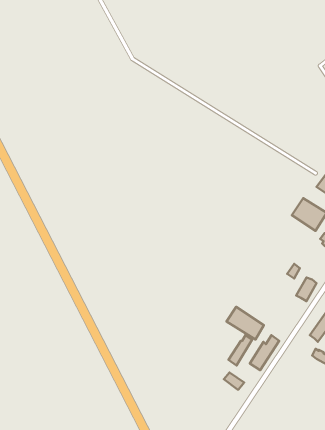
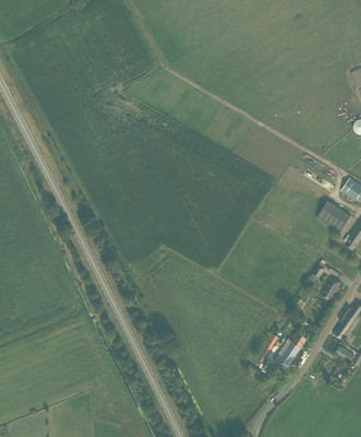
building: [227,307,264,340] -> none

